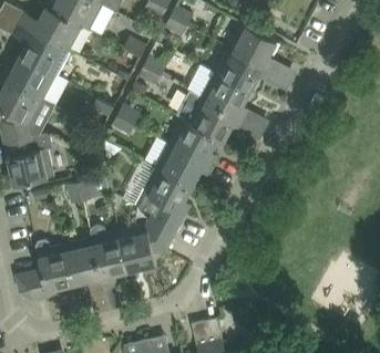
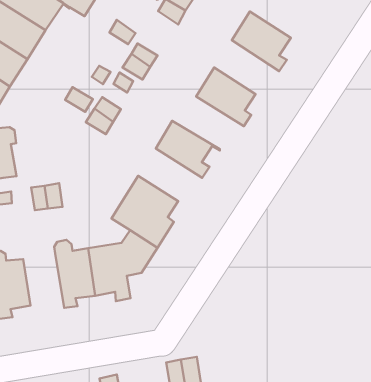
building: [214,48,269,92] -> none
building: [176,91,243,141] -> none
building: [156,144,210,187] -> none
building: [64,239,107,314] -> none

